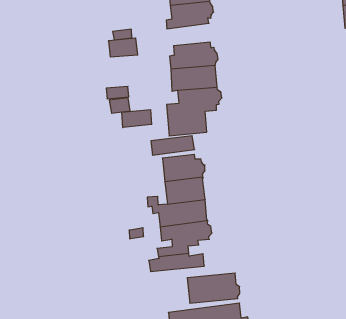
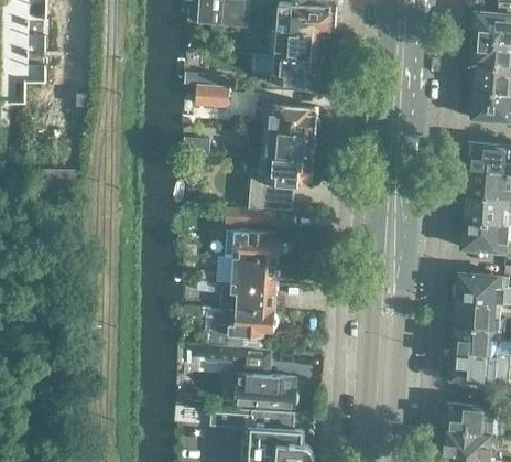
building: [122,110,152,128] -> none

